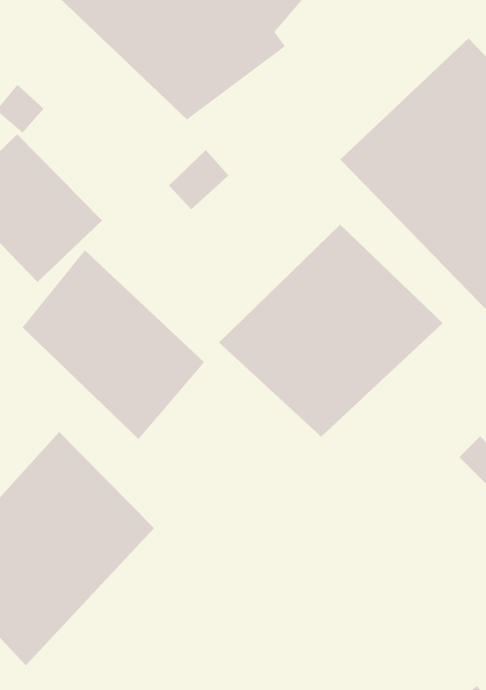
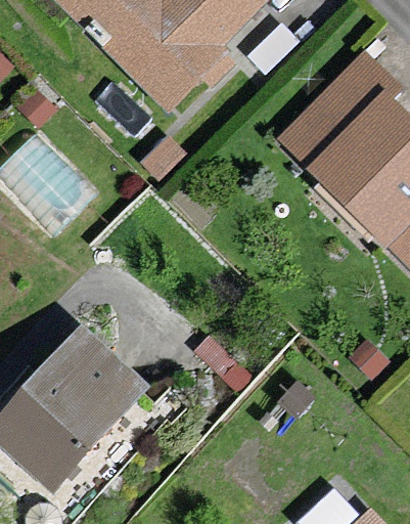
building: [218,224,443,437] -> none
building: [22,249,205,440] -> none

